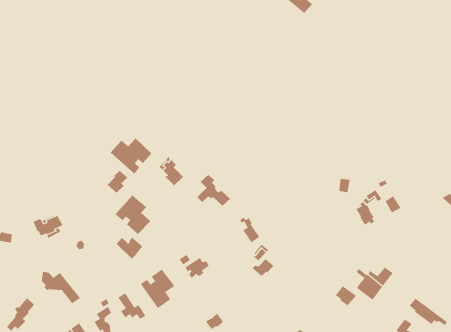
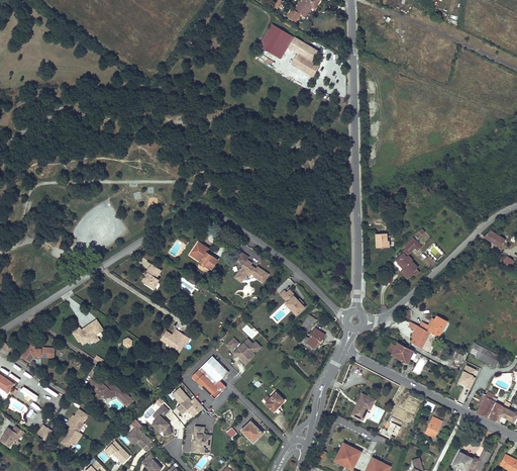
building: [110,137,152,174] -> none
building: [114,194,151,235] -> none

